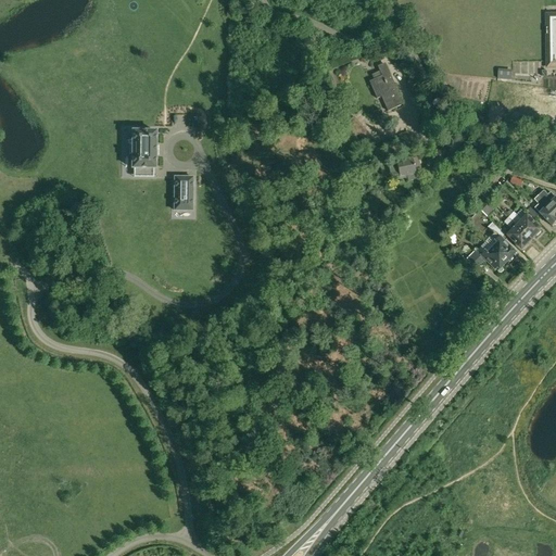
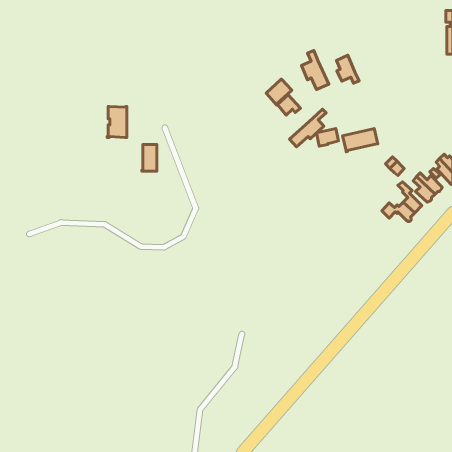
building: none -> [336,55,359,83]
building: none -> [266,79,292,105]
building: none -> [289,109,326,147]
building: none -> [343,129,378,152]

